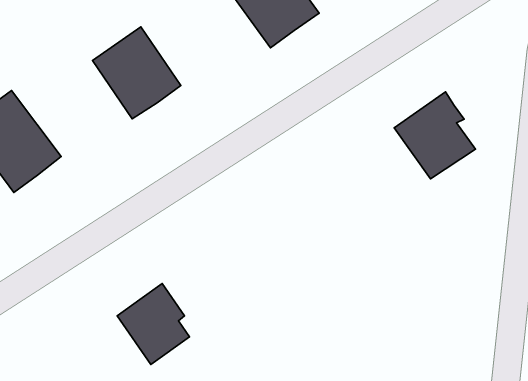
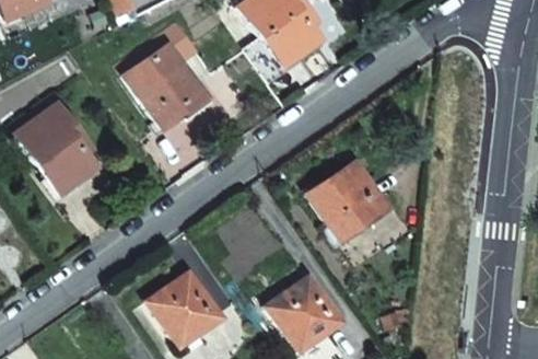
building: [394,92,475,179] -> [311,162,382,239]
building: none -> [270,277,335,349]

